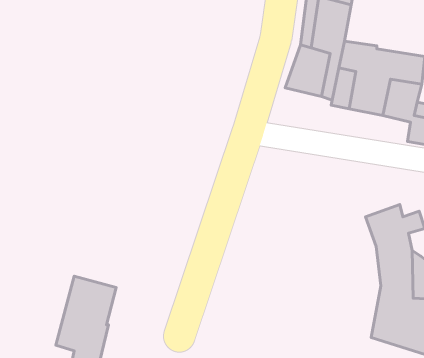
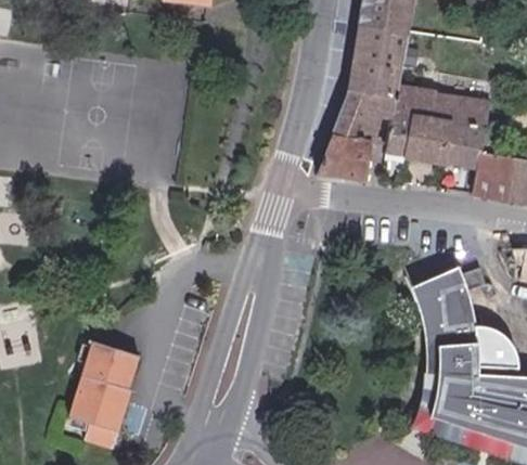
building: none -> [319,134,373,179]

